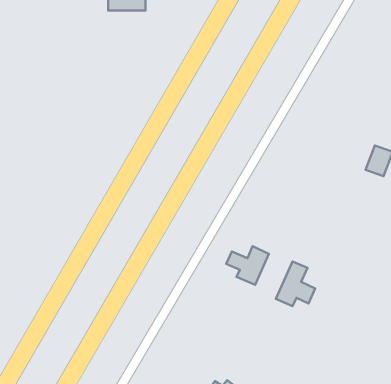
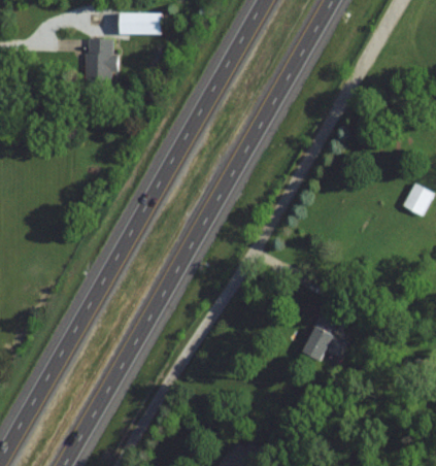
building: none -> [83,39,112,85]
building: [226,246,269,285] -> none

